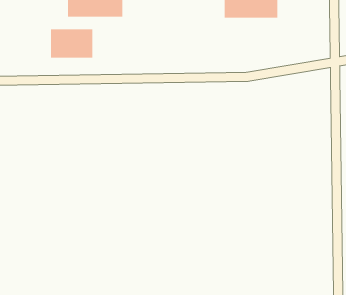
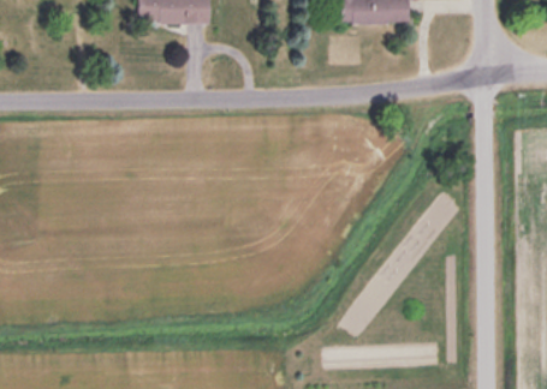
building: [51,28,93,58] -> none

